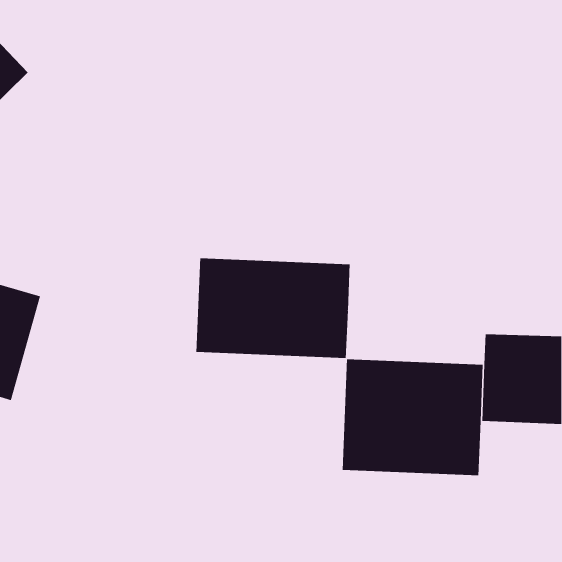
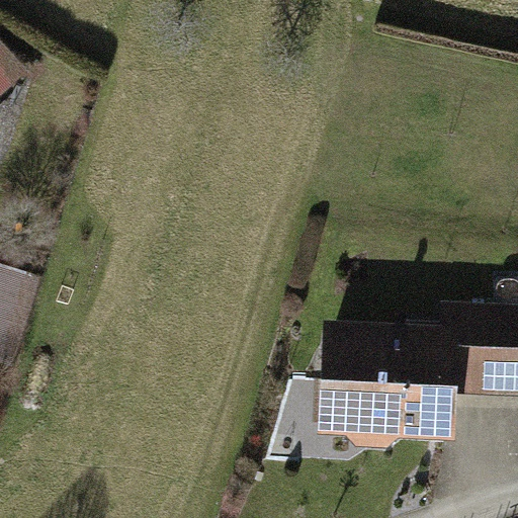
building: [196,257,350,359] -> none

